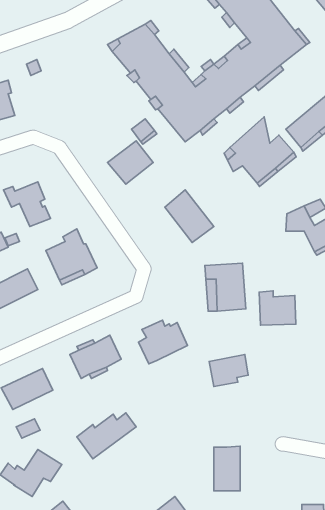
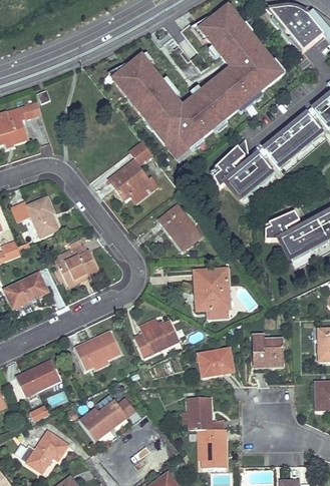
building: [259,291,296,325] -> [252,335,284,365]
building: none -> [182,396,213,429]

